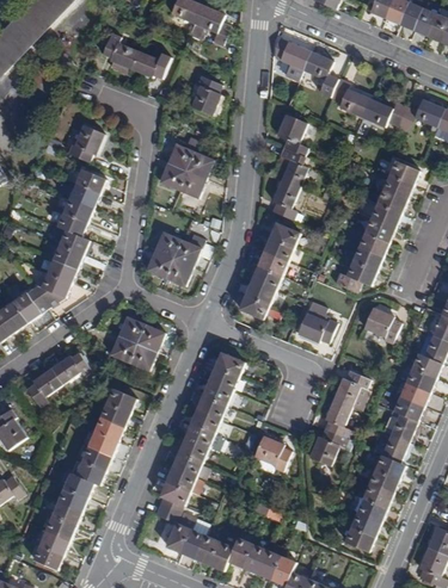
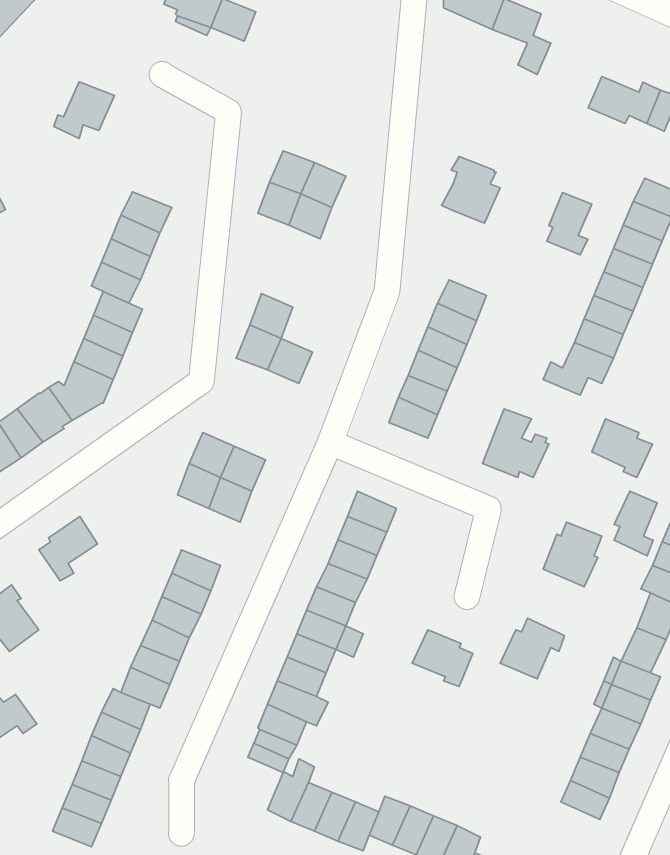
building: [190,75,221,114] -> none
building: [330,78,369,117] -> none
building: [276,112,307,155] -> none
building: [67,124,104,159] -> [54,82,114,138]
building: [270,180,297,218] -> [547,192,592,255]
building: [173,230,203,266] -> none
building: [50,352,91,383] -> none
building: [324,398,350,438] -> [614,491,657,556]

